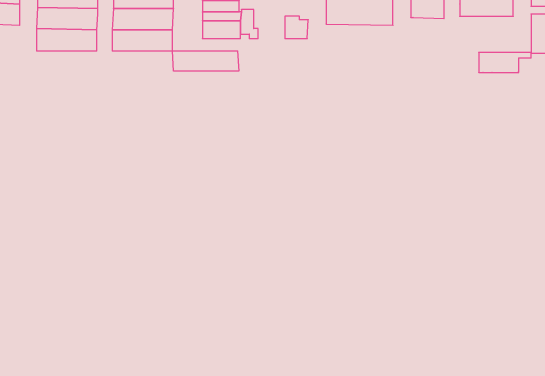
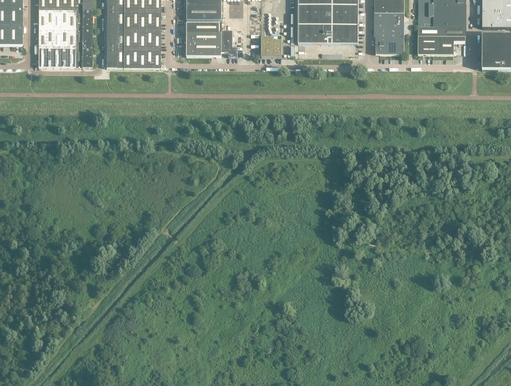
building: none -> [376,37,404,54]
building: [172,51,239,71] -> none
building: [479,52,531,72] -> [418,36,465,54]

